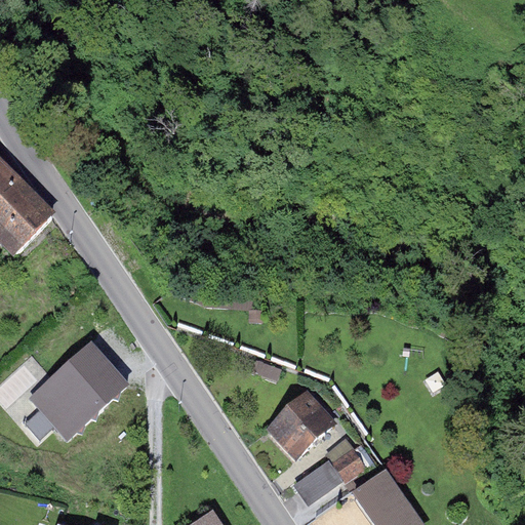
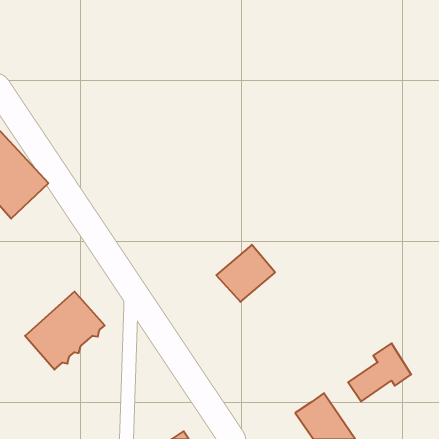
building: [266,393,335,460] -> [216,245,275,302]
building: [294,438,369,507] -> [348,343,411,401]

